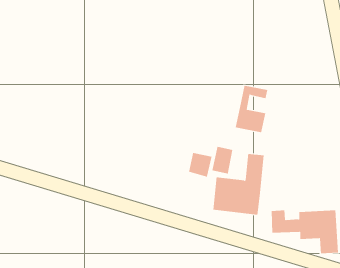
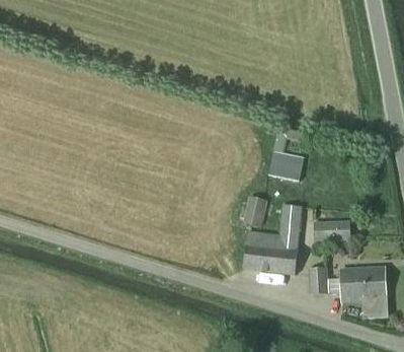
building: [188,152,212,177] -> none
building: none -> [313,220,349,239]

